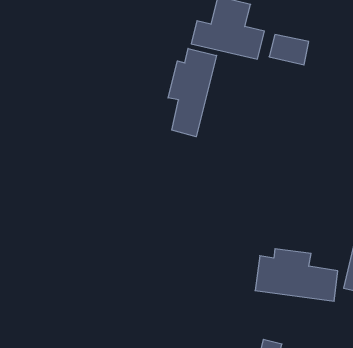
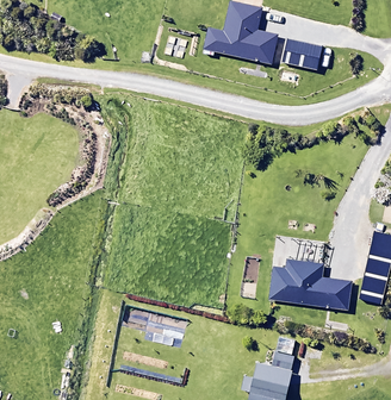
building: [168,48,217,137] -> none

